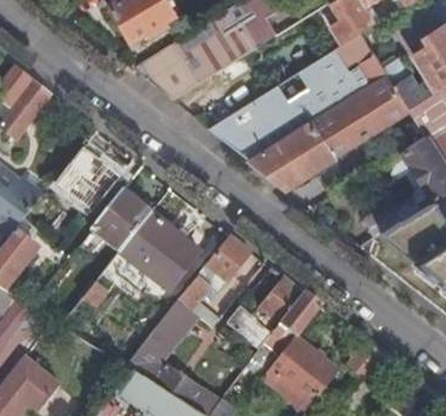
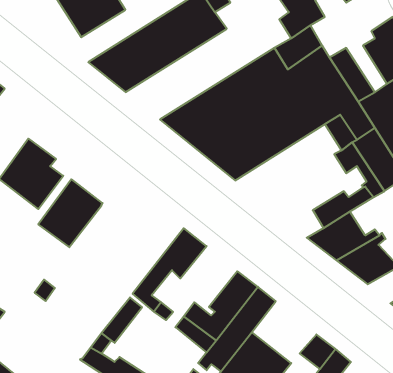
building: [117,211,201,294] -> none

